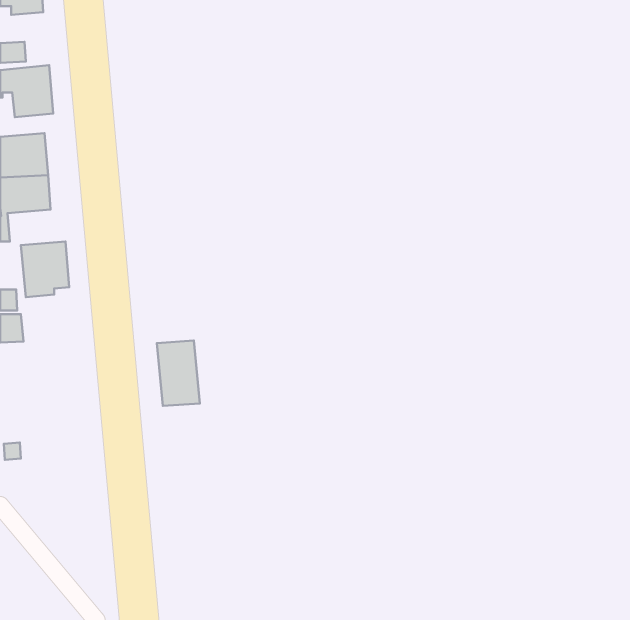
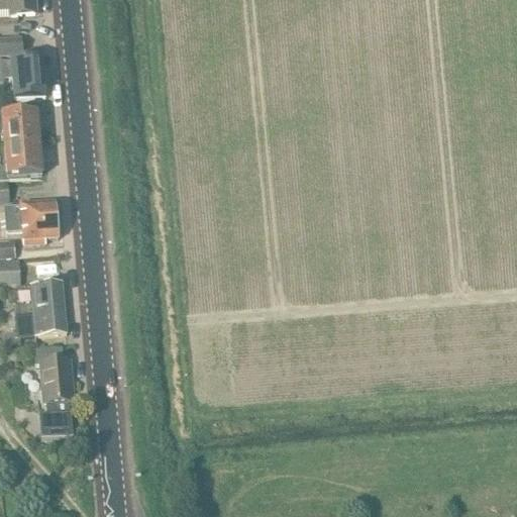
building: [157,341,200,406] -> [32,281,68,334]
building: none -> [32,344,73,436]

